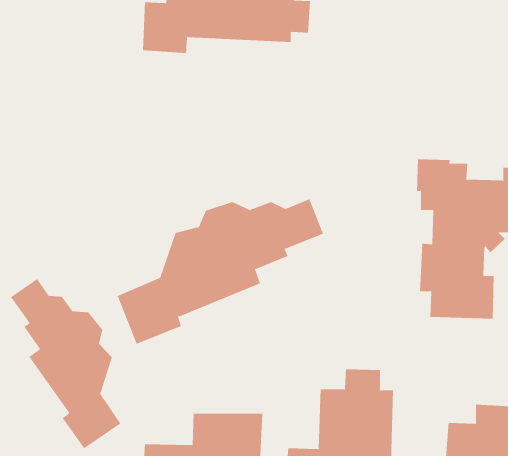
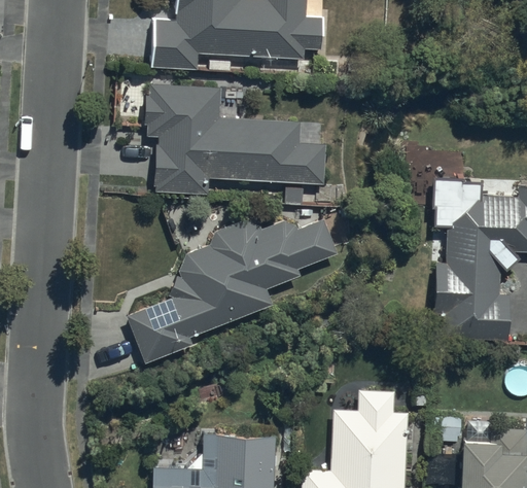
building: none -> [143,83,326,196]
building: [10,278,121,449] -> none

